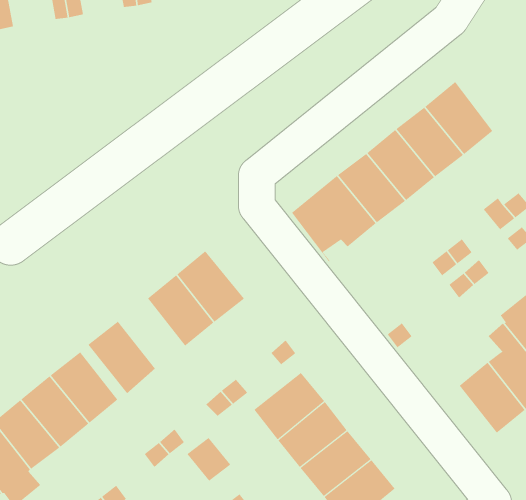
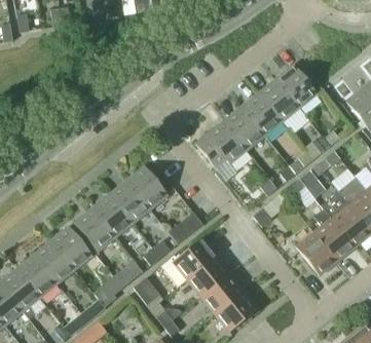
building: none -> [91,194,132,236]

